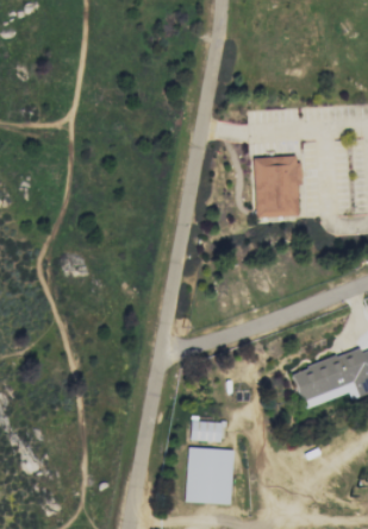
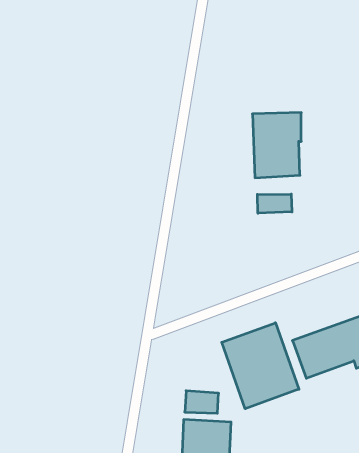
building: none -> [257,194,292,213]
building: none -> [222,323,299,409]

